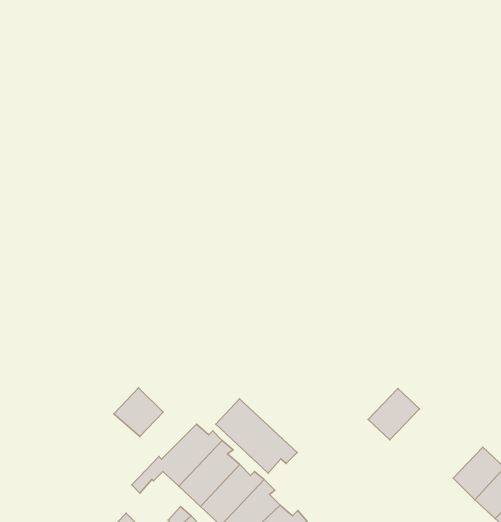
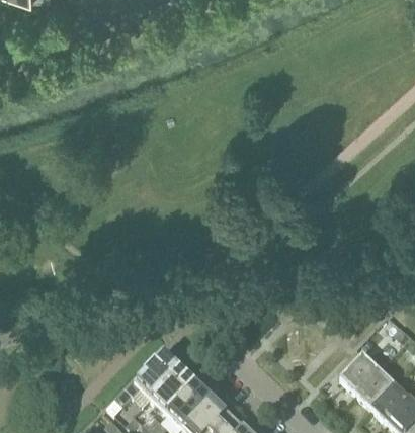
building: [114,388,163,436] -> none
building: [368,388,419,440] -> [344,359,383,398]
building: [216,399,297,473] -> none

